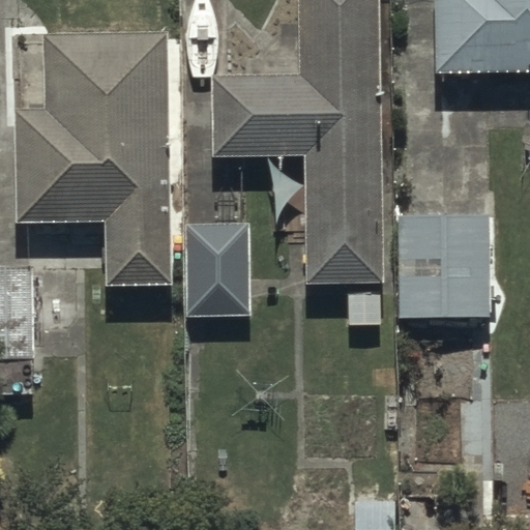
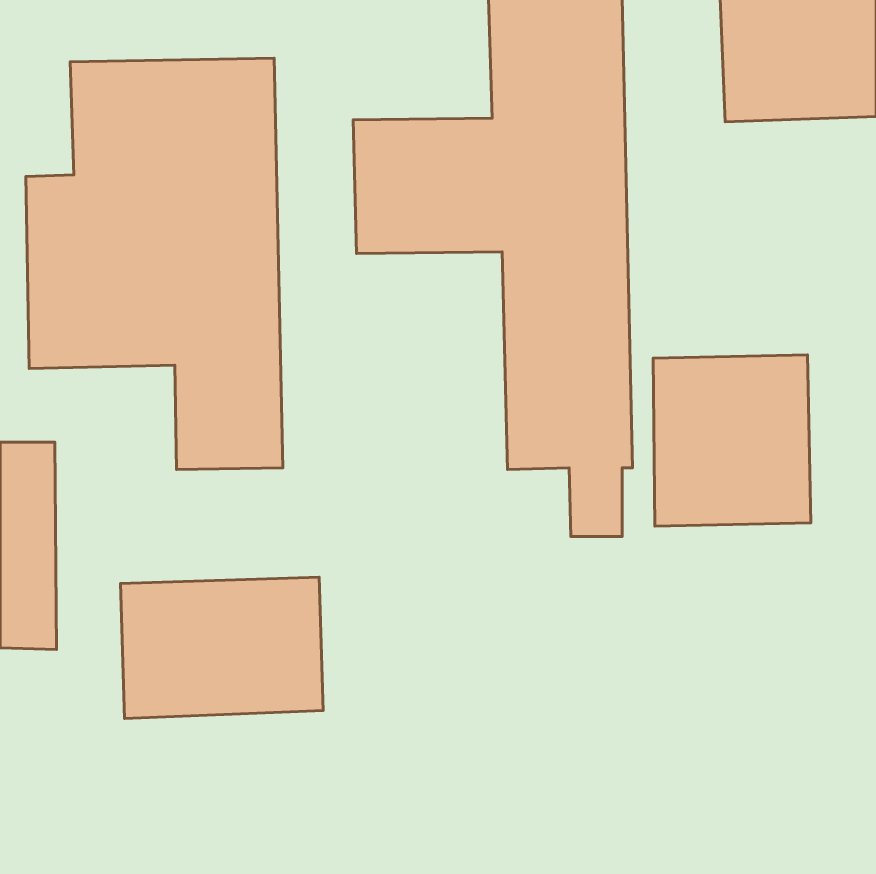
building: [181,222,251,320] -> none
building: none -> [120,577,323,718]

